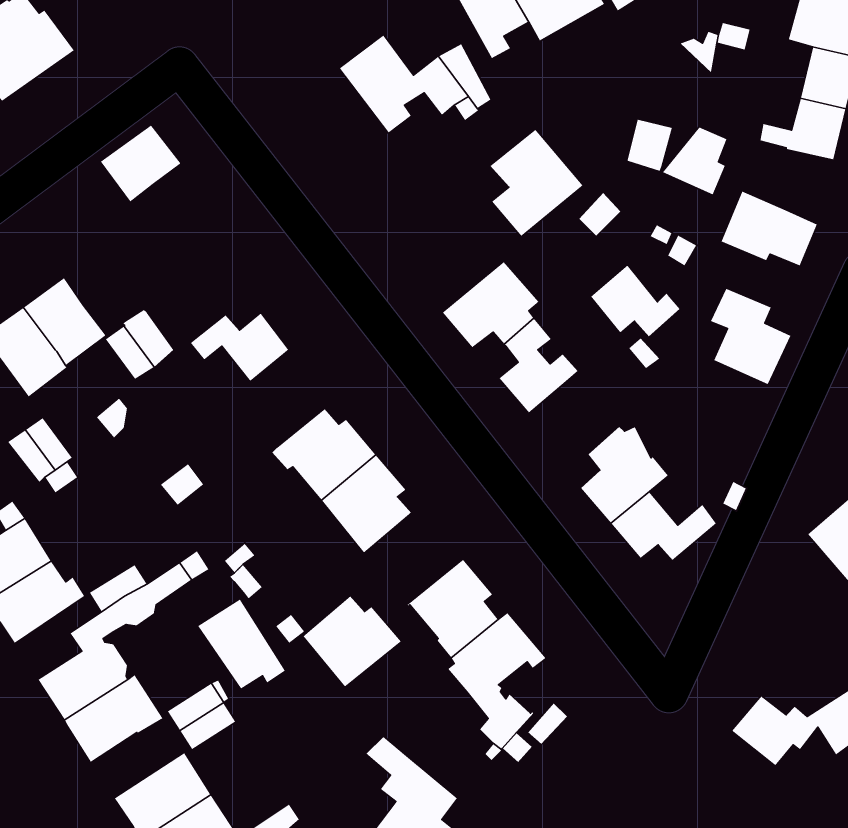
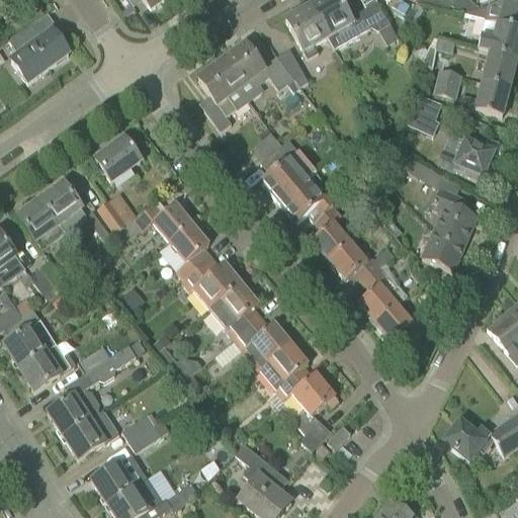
building: none -> [199,62,249,131]
building: [627,119,673,172] -> [435,68,461,98]
building: [100,124,181,202] -> [95,137,142,181]
building: [489,129,583,237] -> [261,140,315,201]
building: [590,265,681,337] -> [329,241,380,282]
building: none -> [170,223,212,278]
building: none -> [422,229,465,270]
building: [302,595,402,688] -> [235,316,291,368]
building: [197,598,286,690] -> none

